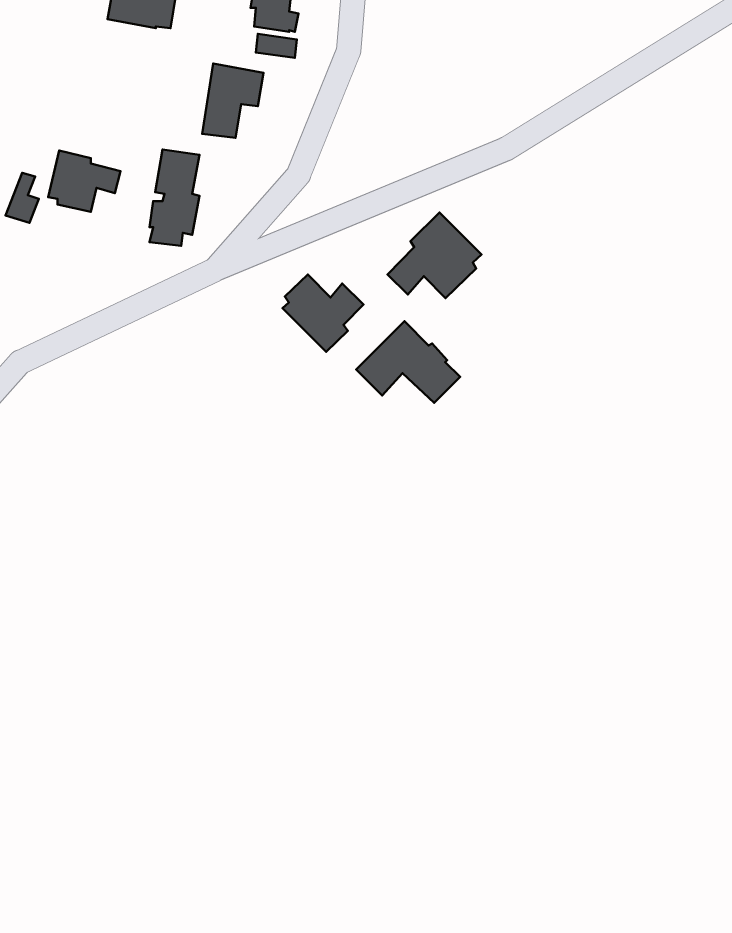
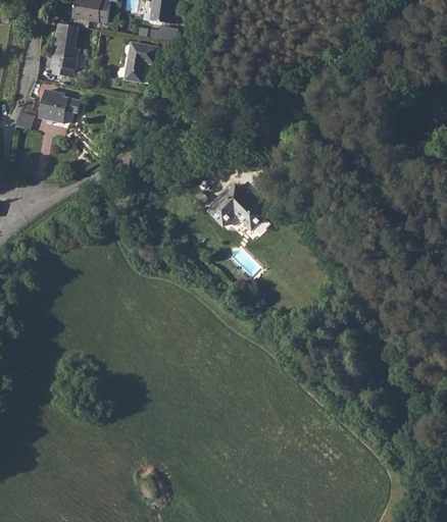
building: [150,149,200,246] -> [50,23,78,76]
building: [387,213,481,298] -> none
building: [282,275,363,352] -> none

